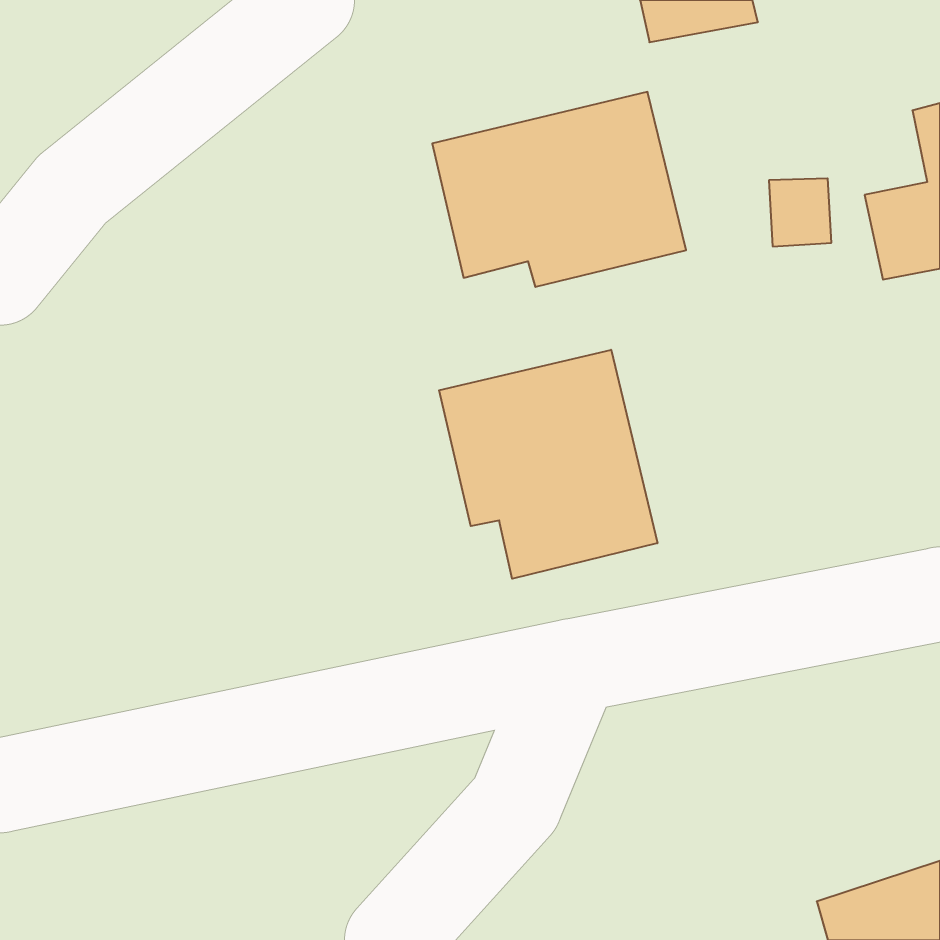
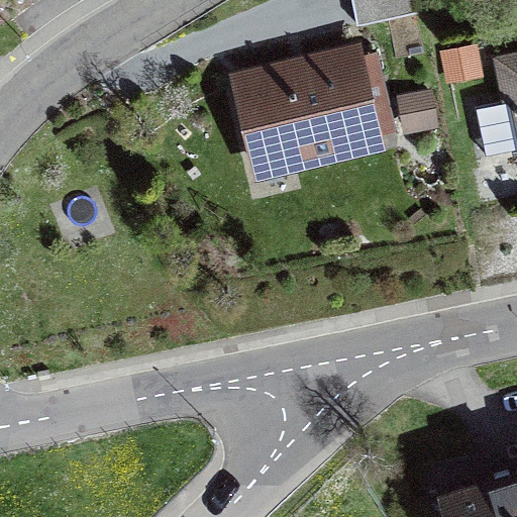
building: [439,350,657,579] -> none

